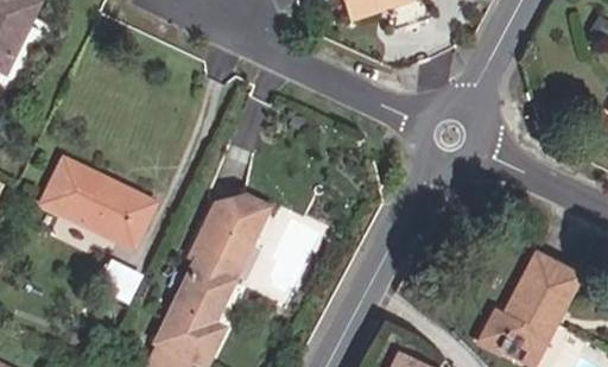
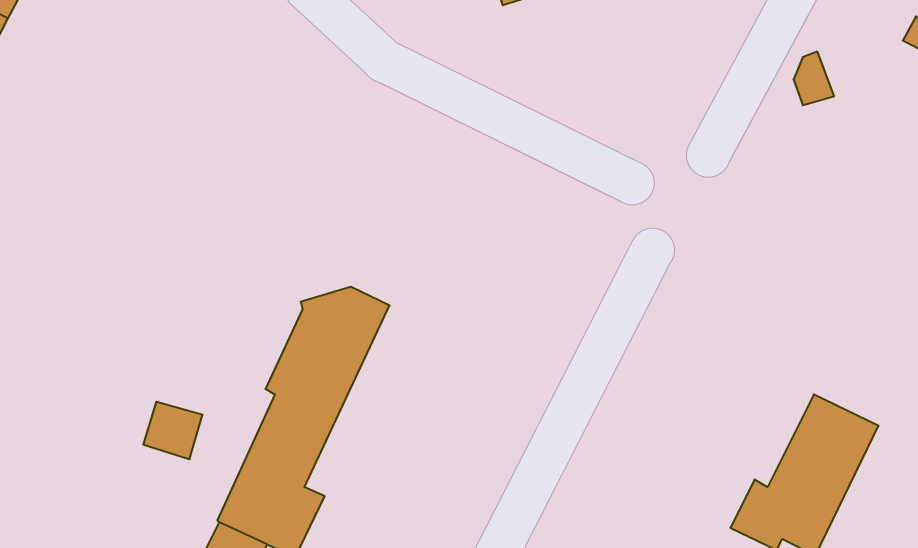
building: [37,157,158,252] -> none

